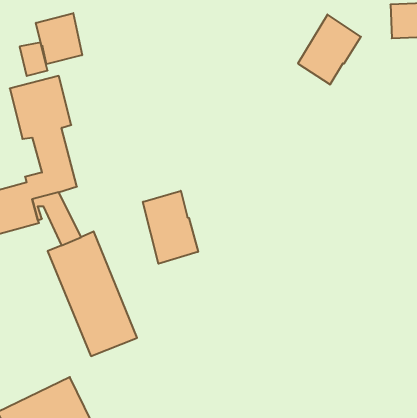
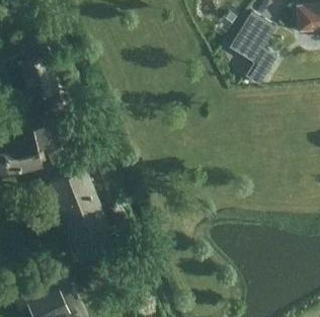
building: [36,13,82,64] -> none
building: none -> [246,49,278,85]
building: [143,191,198,264] -> none

